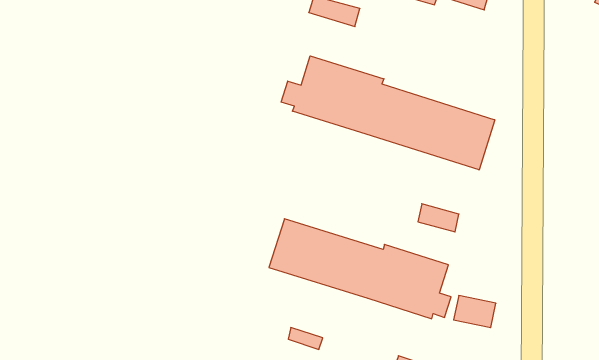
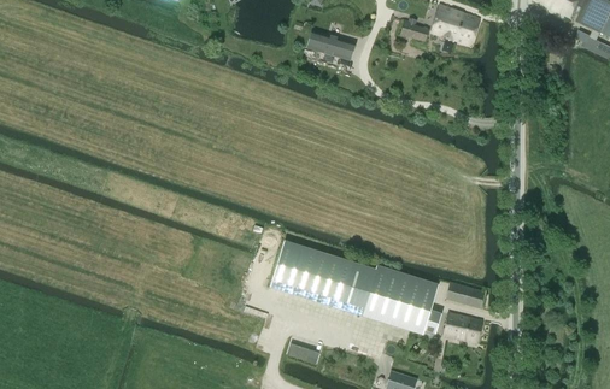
building: [281,56,495,170] -> none
building: [418,204,459,232] -> [446,282,485,308]

